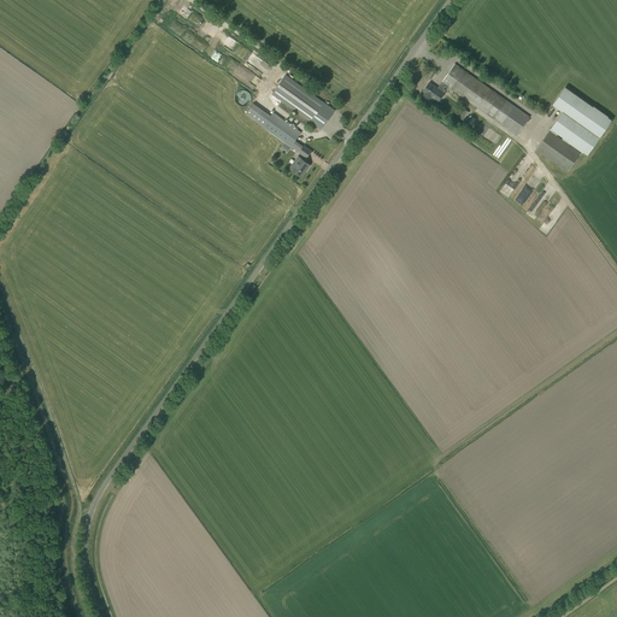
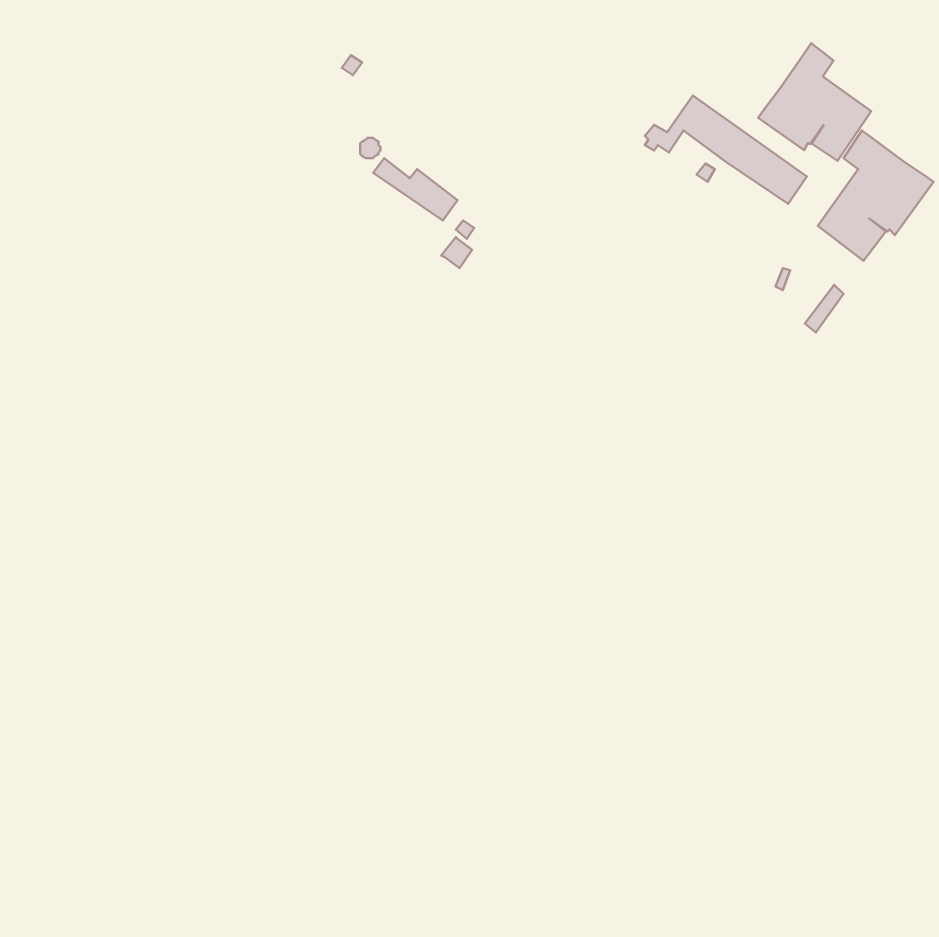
building: none -> [758,43,871,161]
building: [271,74,335,128] -> none

